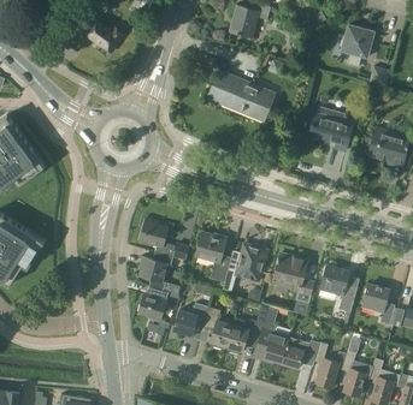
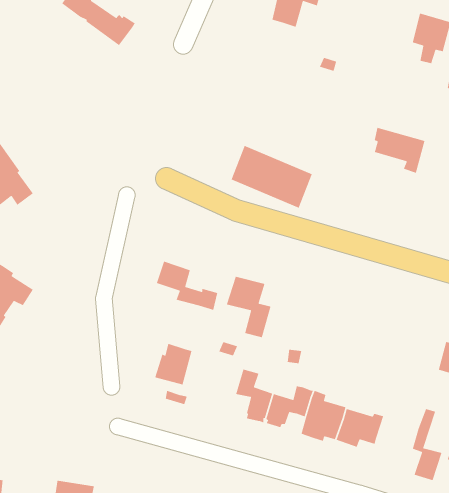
building: [208,70,273,120] -> [230,145,313,209]
building: [223,243,267,291] -> none
building: [140,251,173,290] -> none
building: [275,252,315,302] -> none
building: [321,264,360,308] -> none
building: [173,303,208,335] -> none
building: [314,341,347,386] -> none

